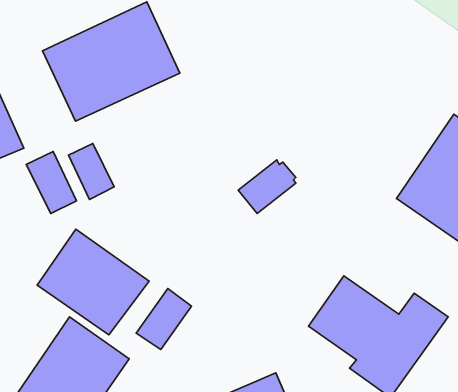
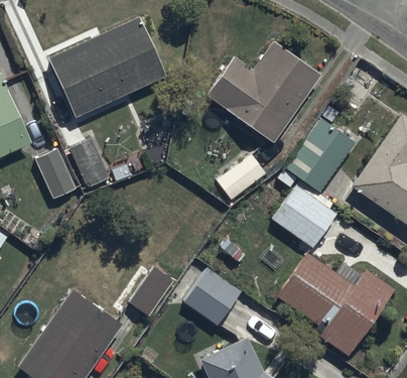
building: none -> [205,40,321,144]
building: none -> [273,119,355,249]
building: [37,229,149,335] -> none
building: none -> [185,266,242,324]

